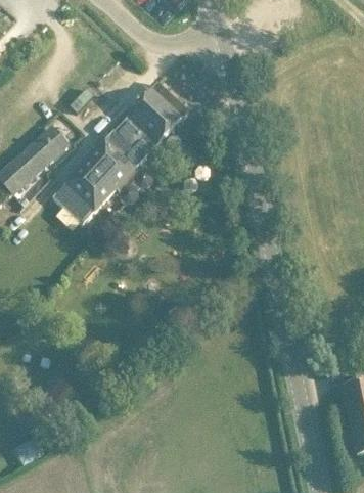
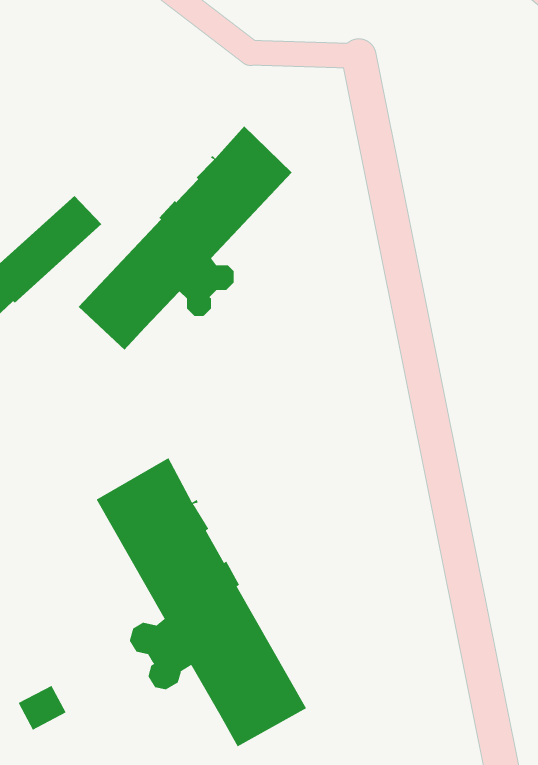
building: none -> [96,457,307,747]

